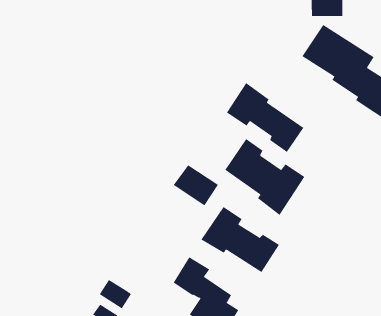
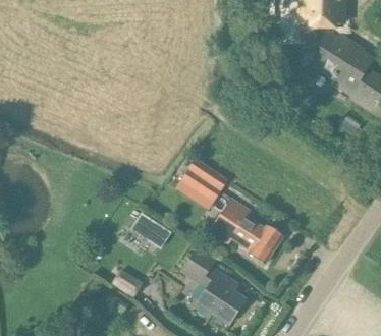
building: [226,82,304,153] -> none
building: [224,138,305,216] -> none
building: none -> [130,212,172,248]

